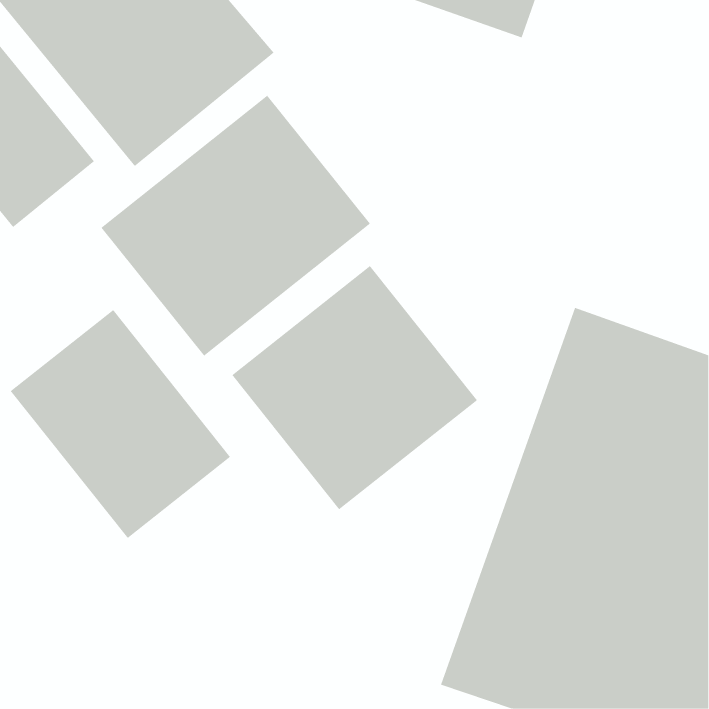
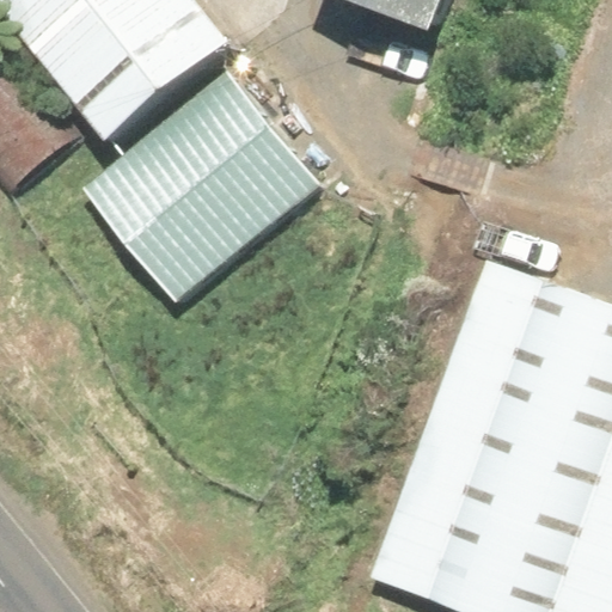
building: [231,265,478,510] -> none
building: [10,309,231,539] -> none

